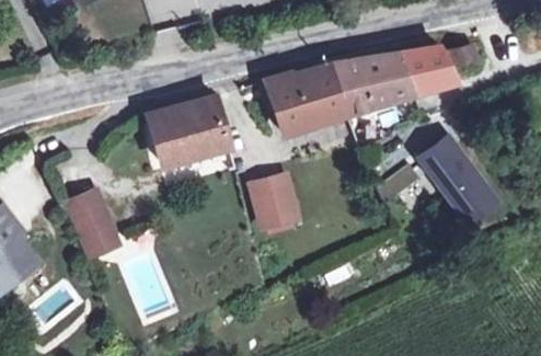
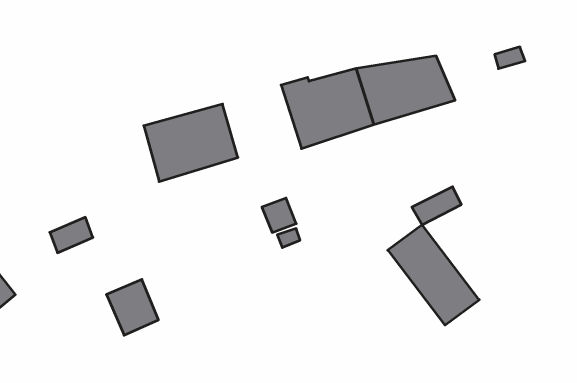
building: [399,49,456,93] -> none
building: [424,138,503,225] -> [388,225,479,325]
building: [72,211,117,260] -> [106,279,158,335]

